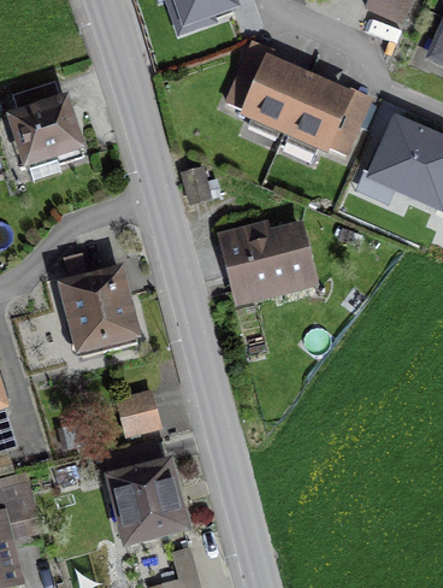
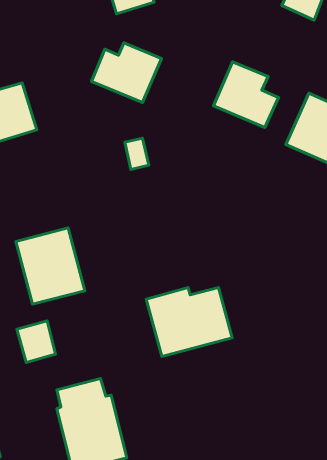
building: [228,57,308,125] -> [91,43,161,102]
building: [217,222,315,301] -> [146,288,232,357]
building: [116,390,160,439] -> [17,321,56,363]

